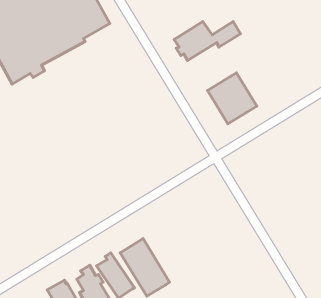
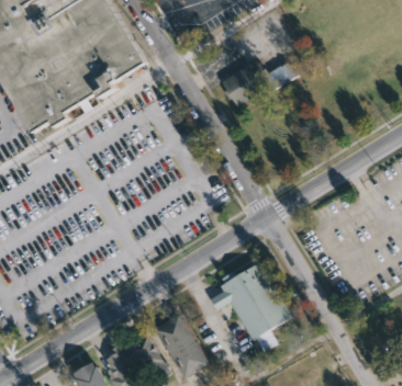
building: [207,73,257,124] -> none
building: none -> [211,263,290,355]

